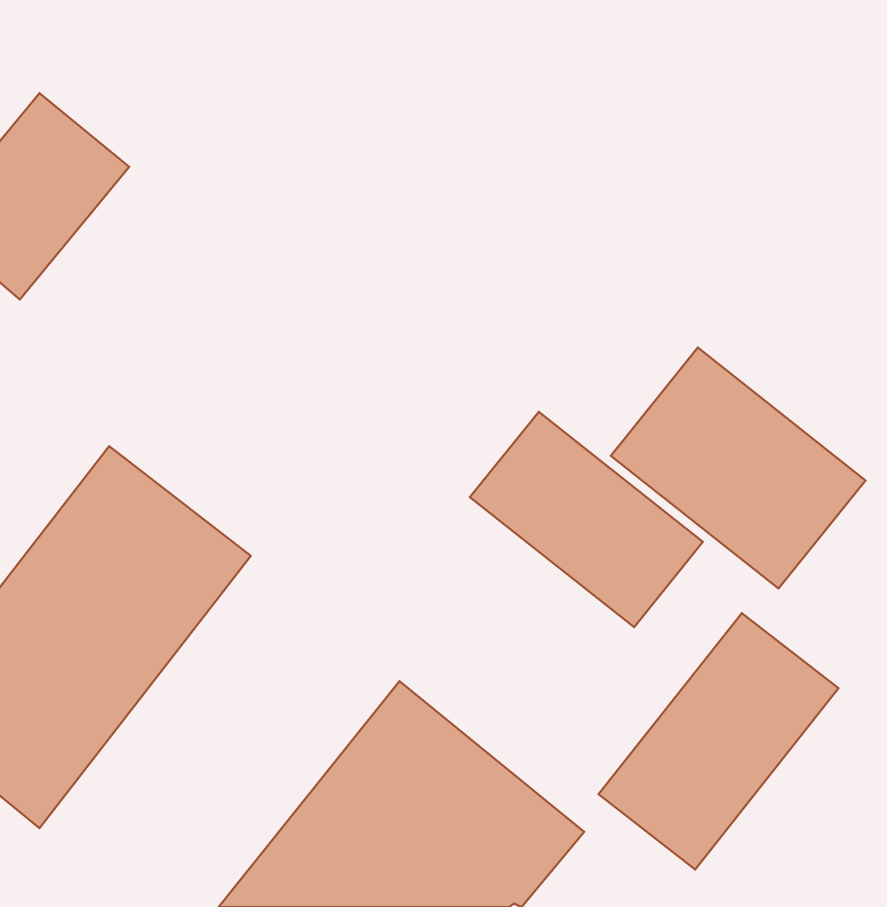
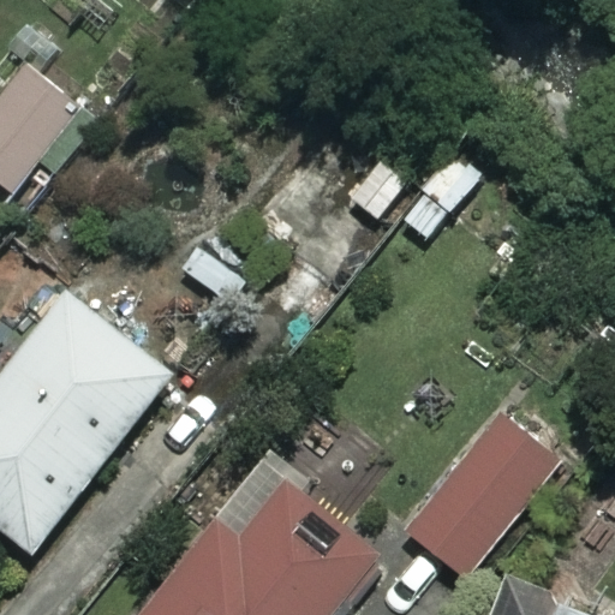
building: [611,348,865,589] -> none
building: [470,412,703,627] -> none

